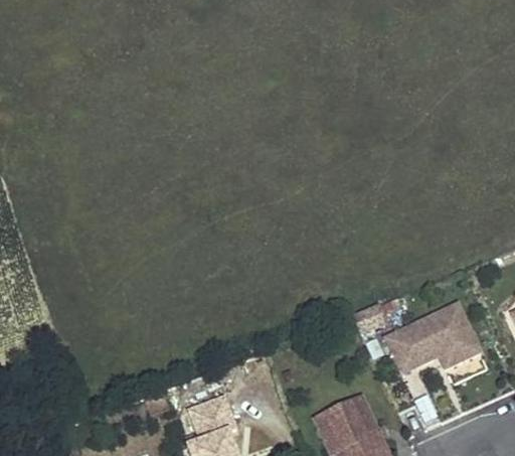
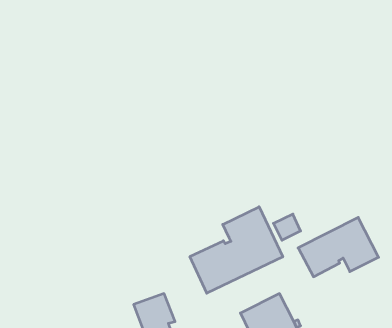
building: none -> [190,207,283,293]

